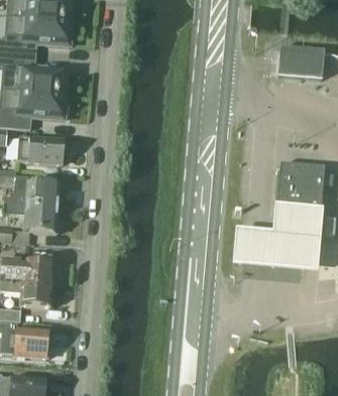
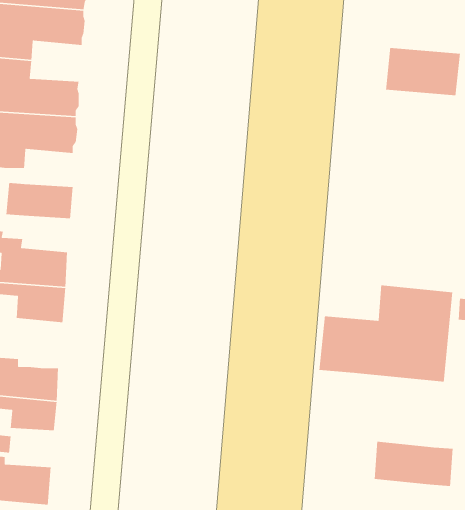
building: [274,160,325,210] -> none
building: none -> [374,441,454,487]

